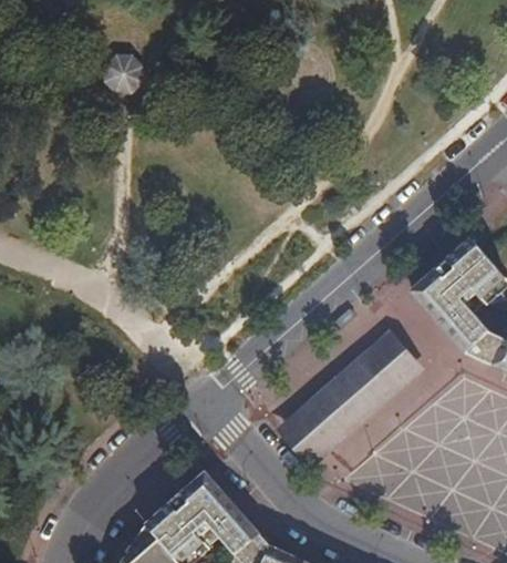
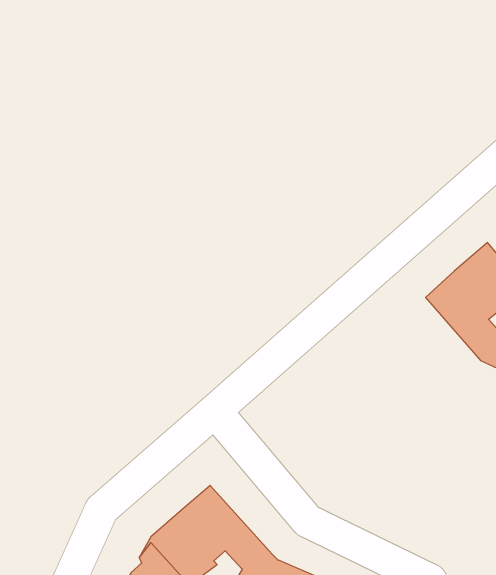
building: [104,55,145,96] -> none
building: [283,338,416,461] -> none

